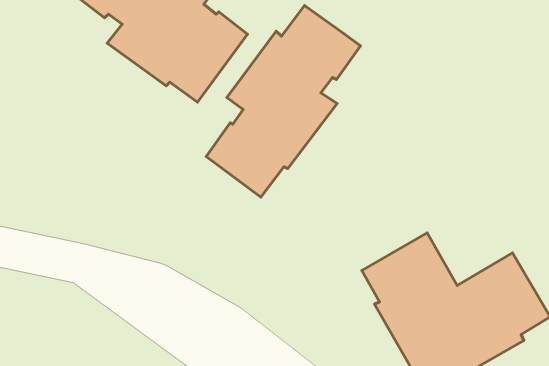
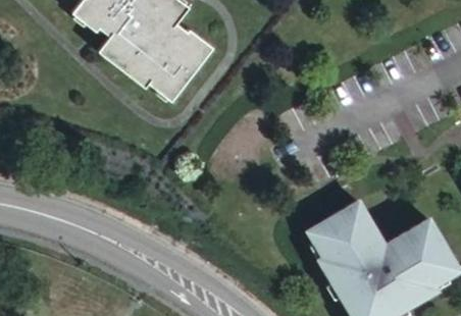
building: [206,6,360,197] -> none

